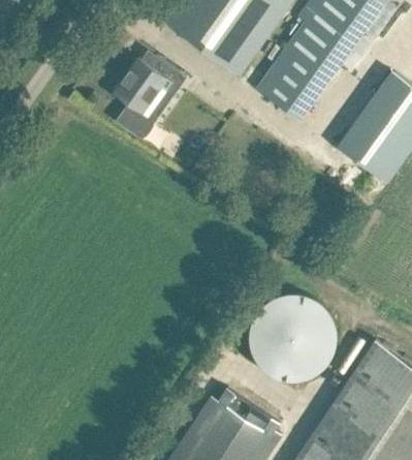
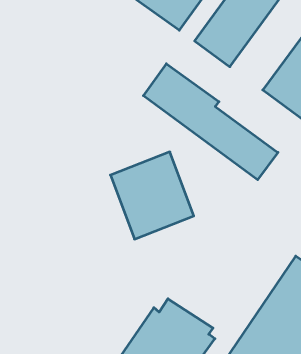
building: [112,57,178,135] -> none
building: none -> [143,64,278,180]
building: [243,287,340,389] -> [110,152,194,239]

